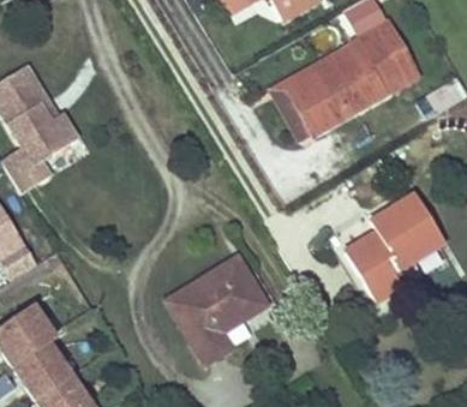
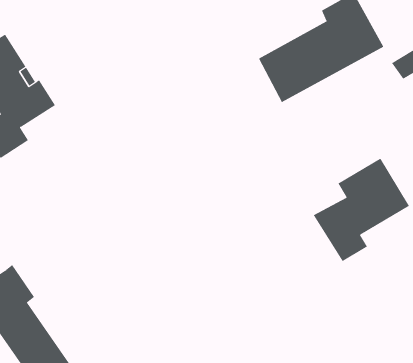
building: [271,44,357,144] -> none
building: [166,257,265,364] -> none

